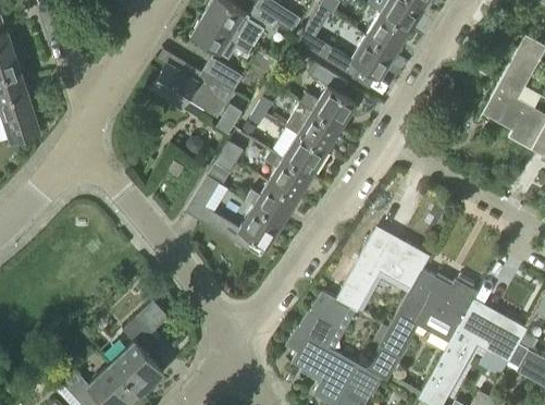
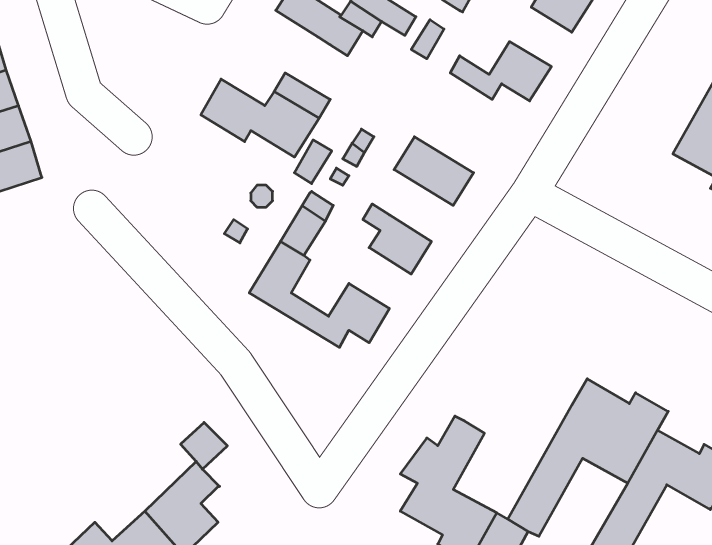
building: [367,12,410,53] -> none
building: [190,14,253,59] -> none
building: [300,66,356,127] -> none
building: [283,133,327,175] -> none
building: [246,180,298,222] -> none
building: [335,234,429,314] -> none

